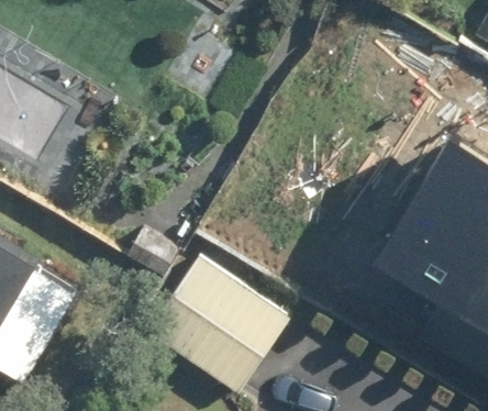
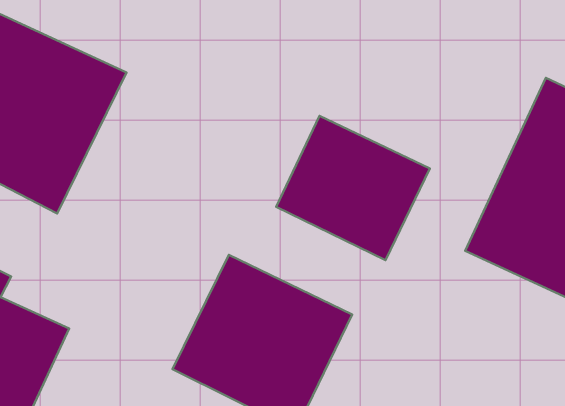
building: none -> [276,116,430,260]

